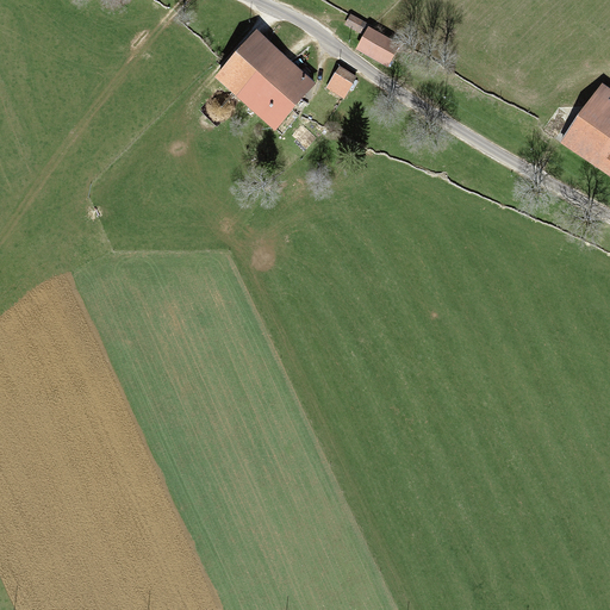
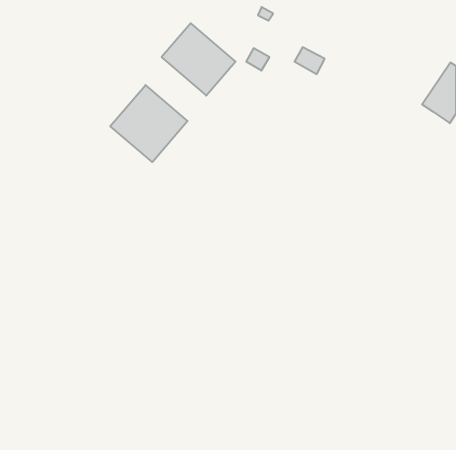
building: [357,25,398,61] -> [294,47,325,74]
building: none -> [110,85,188,162]

